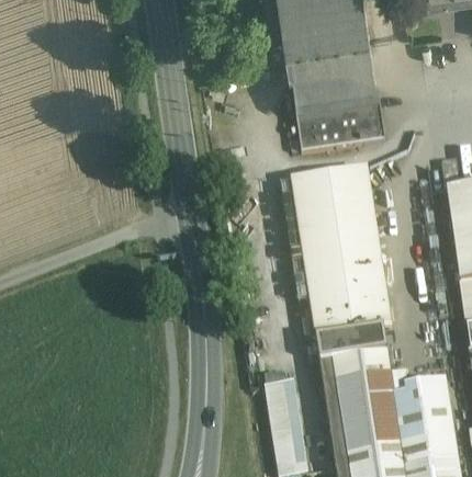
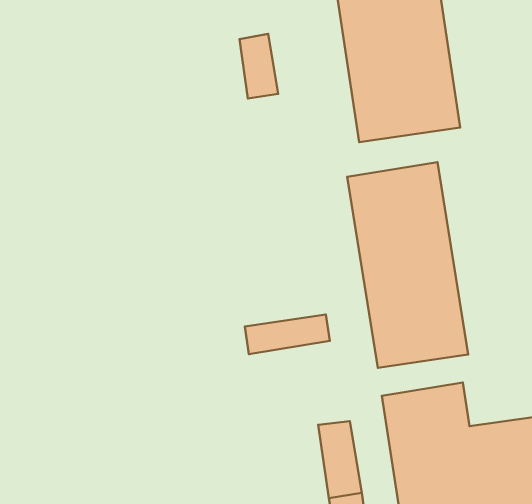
building: none -> [239,34,278,98]
building: [317,333,387,366] -> [245,314,330,354]

